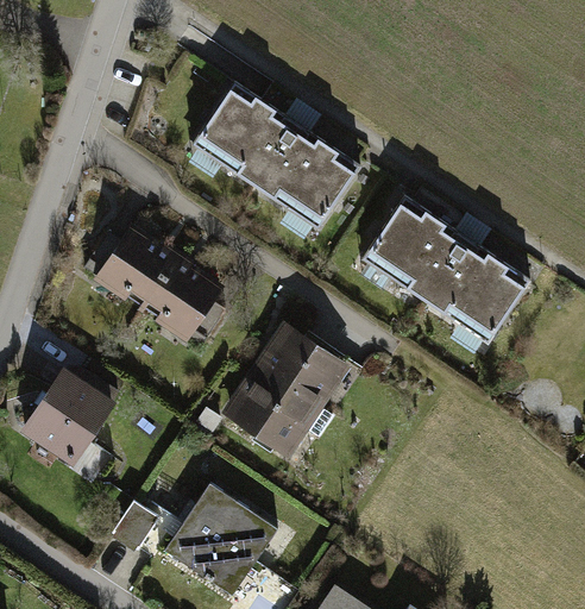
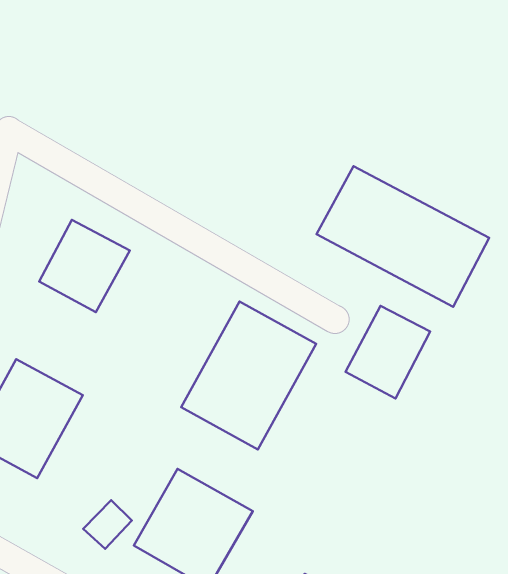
building: [188,77,364,232] -> none
building: [141,260,232,351] -> none
building: none -> [346,306,430,398]

